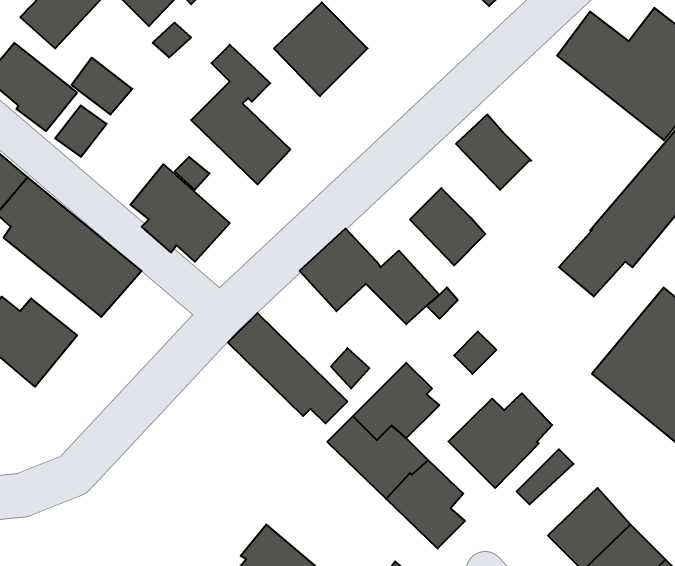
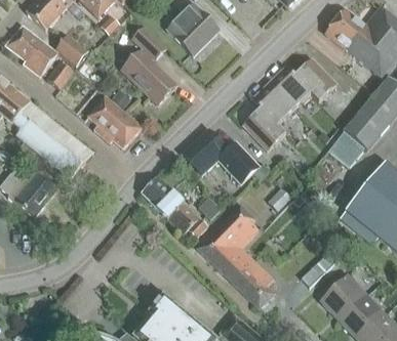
building: none -> [294,57,336,100]
building: none -> [251,82,293,123]
building: [448,393,552,488] -> none

